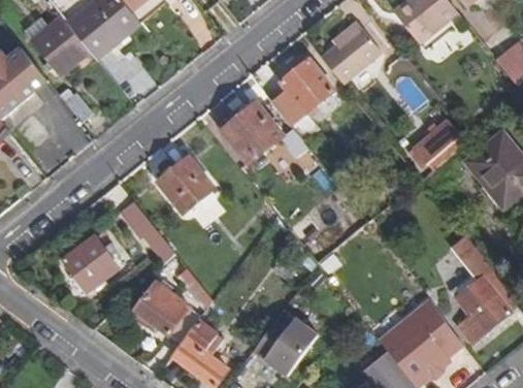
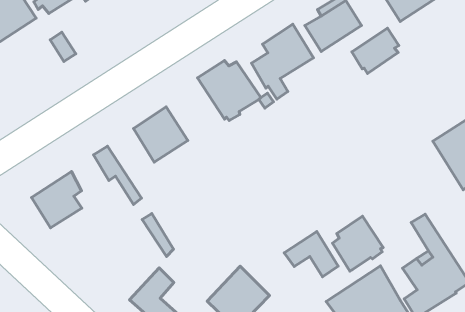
building: [412,120,459,168] -> [352,28,399,74]
building: none -> [333,216,383,271]
building: none -> [284,231,338,277]
building: [133,283,200,342] -> none

